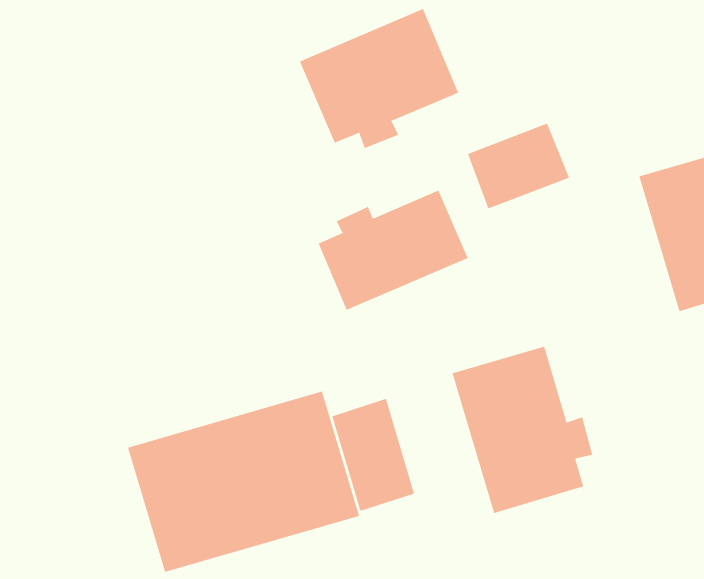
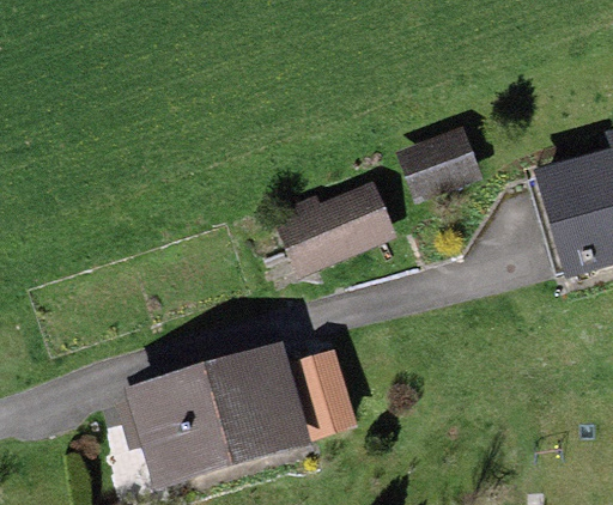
building: [299,8,459,149] -> none
building: [452,346,593,514] -> none

